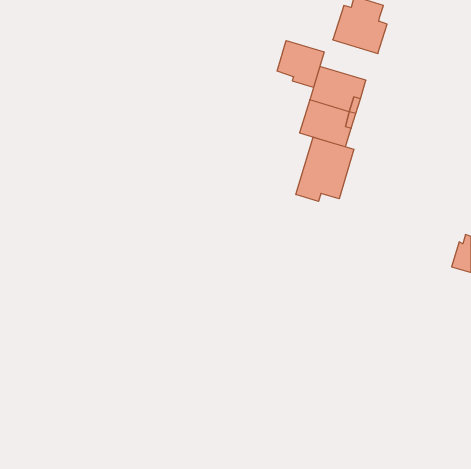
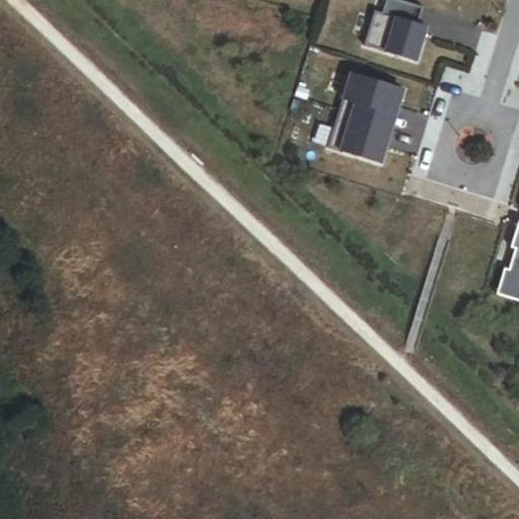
building: [277,41,324,87] -> none
building: [296,137,354,201] -> none

